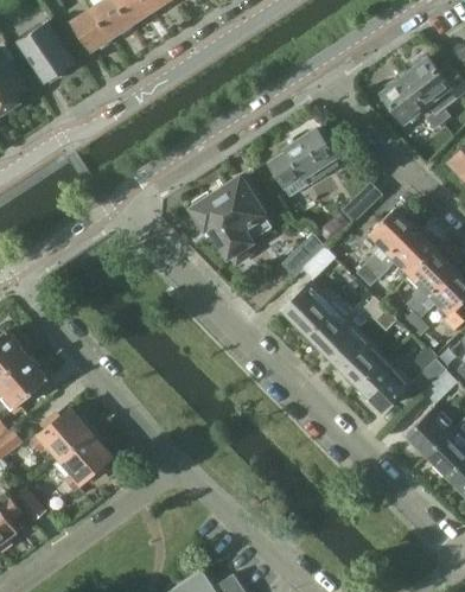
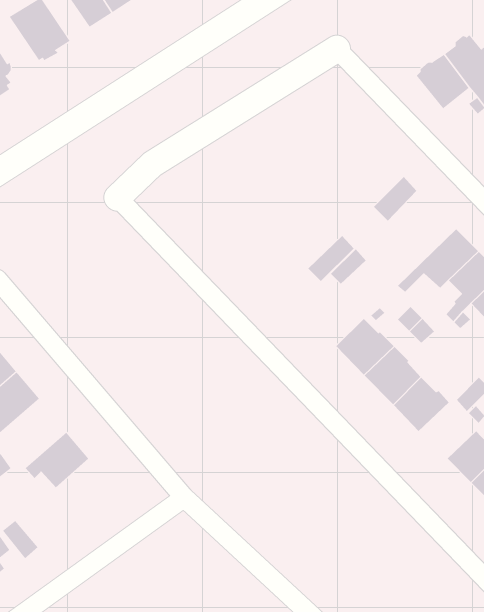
building: [270,129,337,195] -> none
building: [193,178,272,265] -> none
building: [356,208,415,280] -> none
building: [285,284,333,333] -> none
building: [53,433,112,489] -> none

